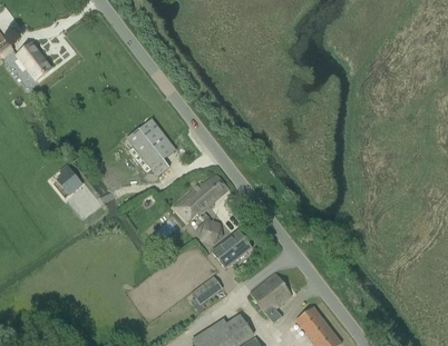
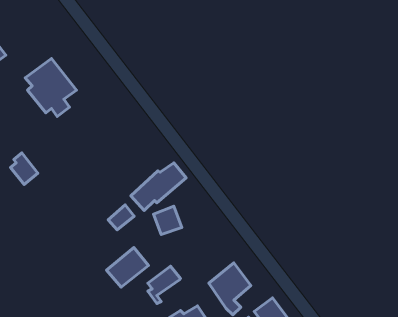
building: [126,118,176,175] -> [25,59,76,116]
building: [211,229,252,268] -> [107,247,149,287]

